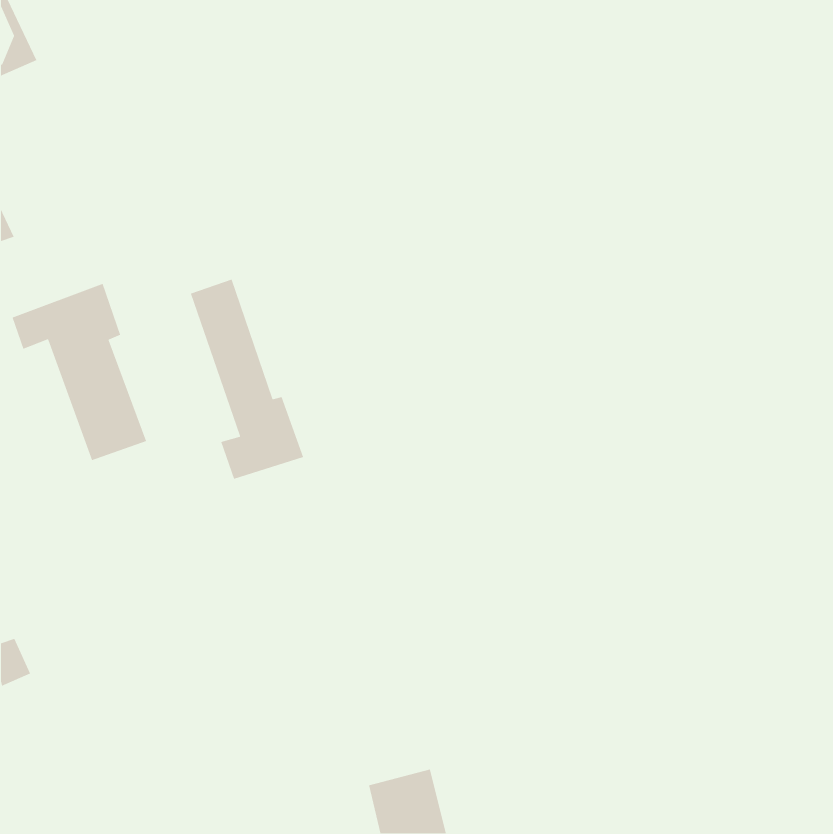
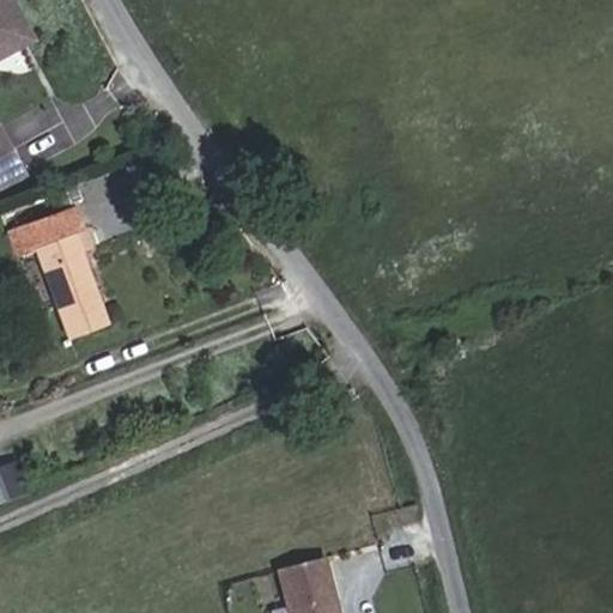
building: [190,278,304,480] -> none

